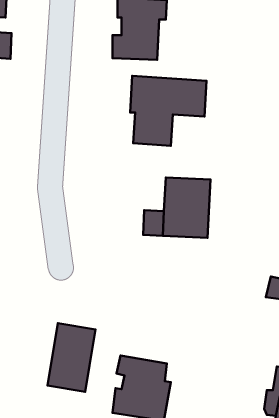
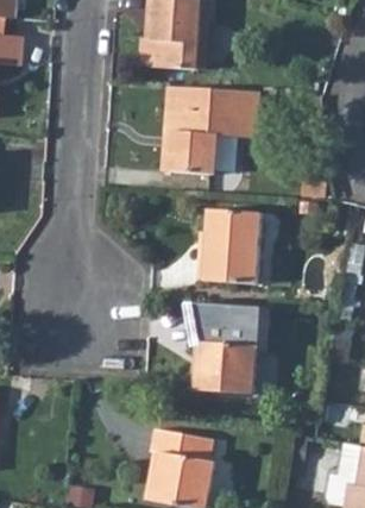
building: none -> [188,308,266,397]
building: [48,323,95,392] -> none

